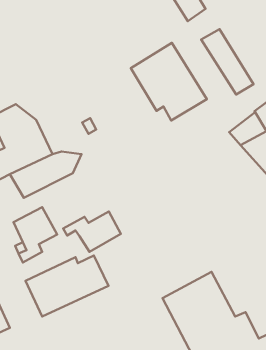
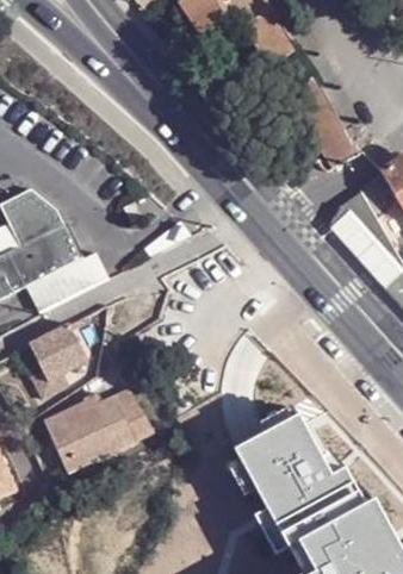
building: [131,43,207,120] -> none
building: [63,211,121,252] -> none

